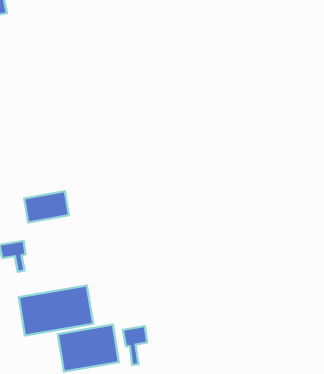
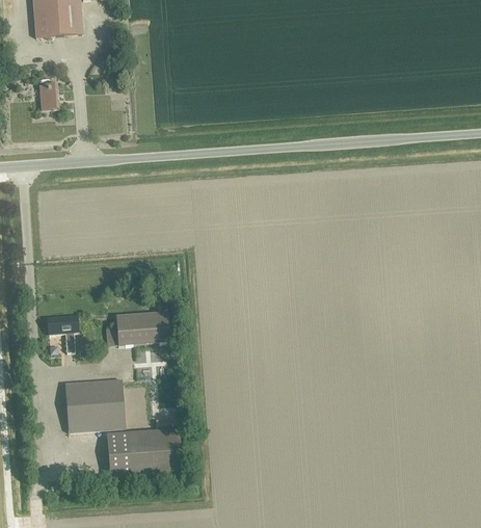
building: [24,191,69,223] -> [116,311,169,345]
building: [123,326,147,365] -> none

